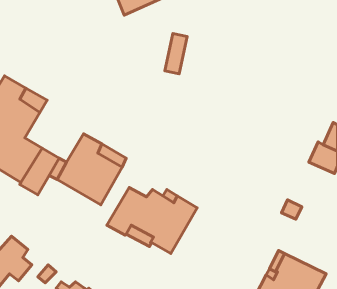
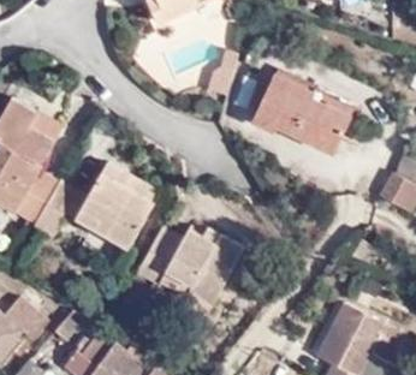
building: none -> [251,77,351,155]

